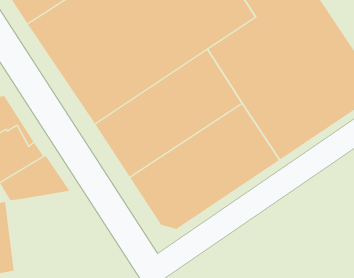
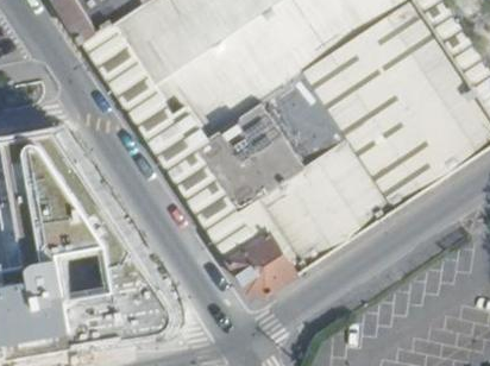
building: none -> [71,246,165,336]

